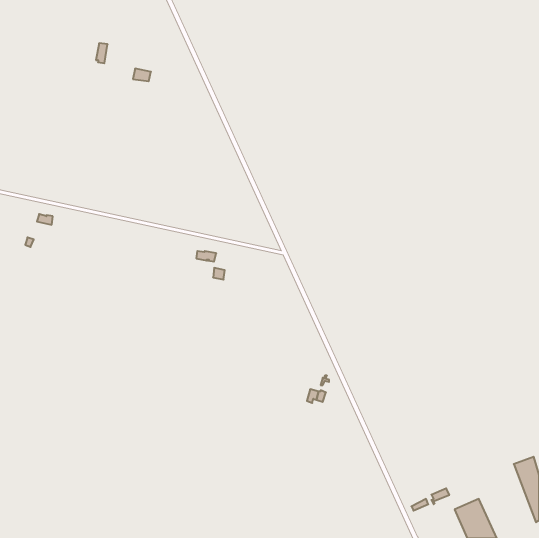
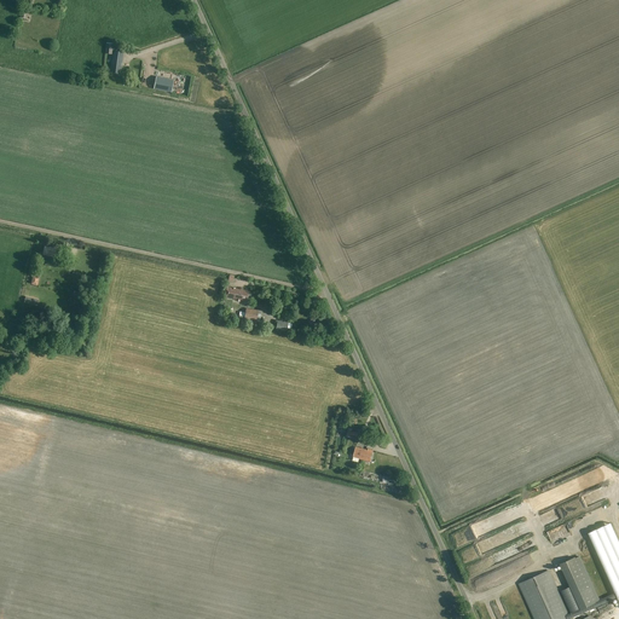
building: none -> [560,555,598,609]

